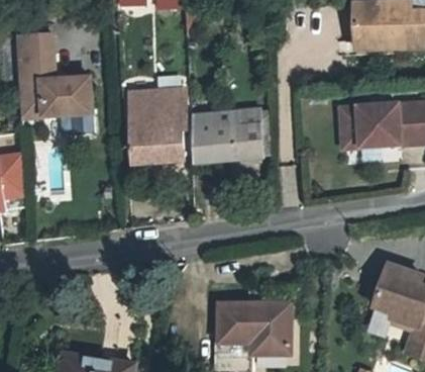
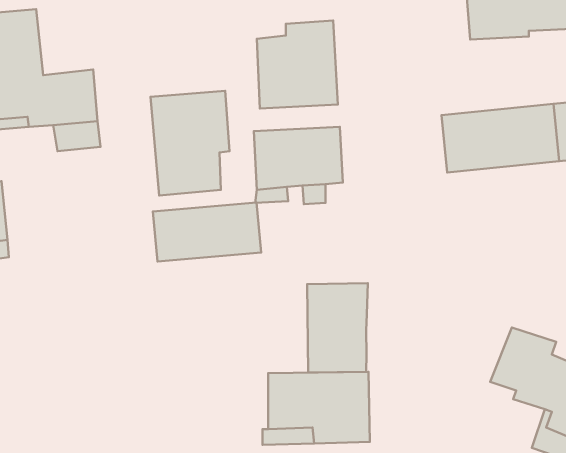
building: none -> [257,21,338,108]
building: none -> [153,203,261,261]
building: none -> [307,283,368,373]

